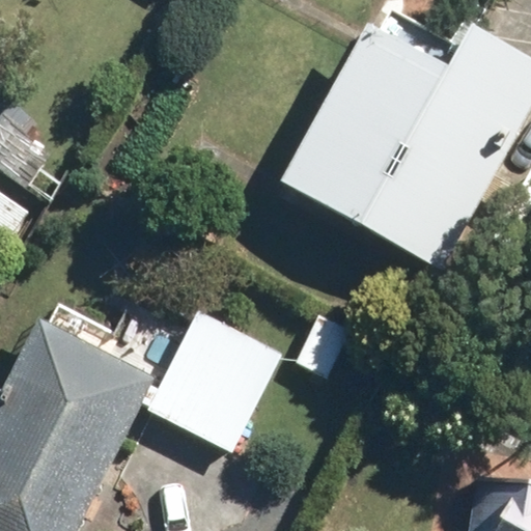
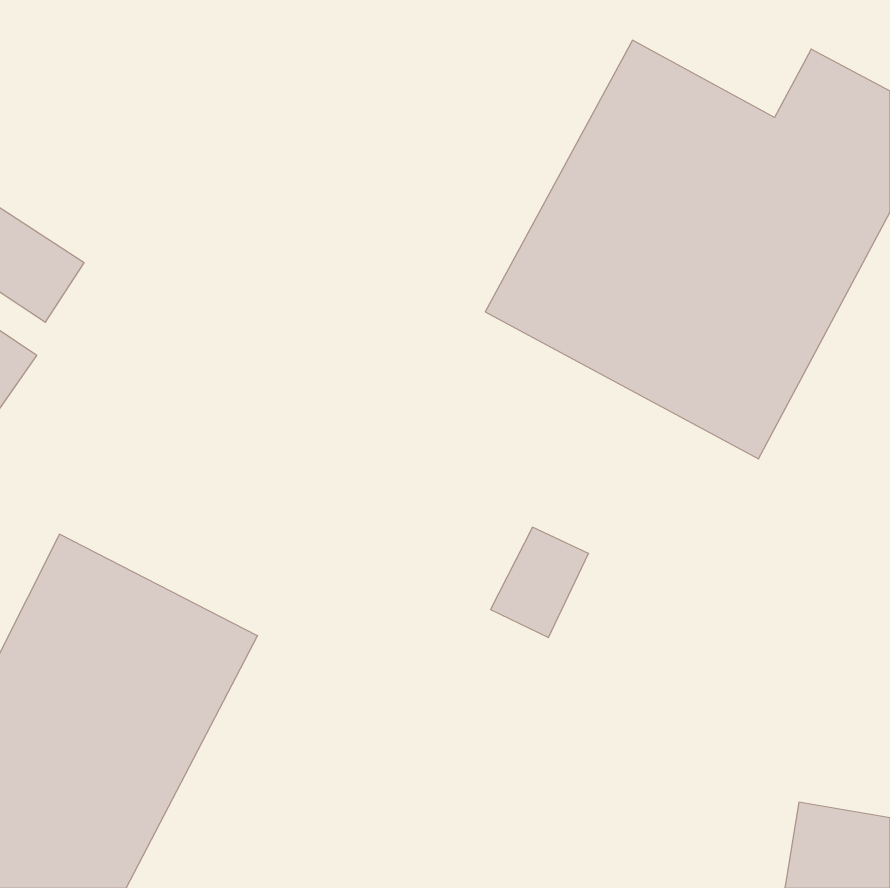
building: [145,310,280,452] -> none

